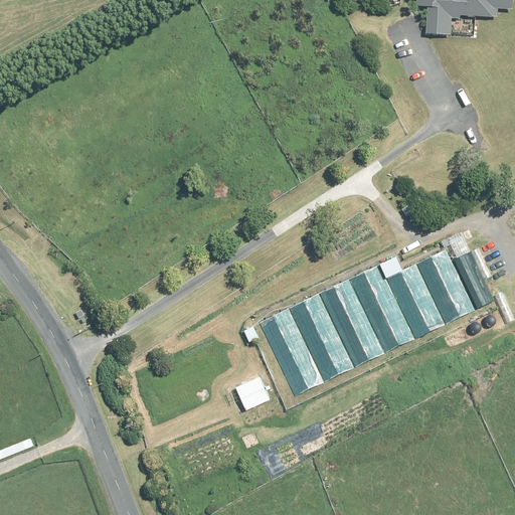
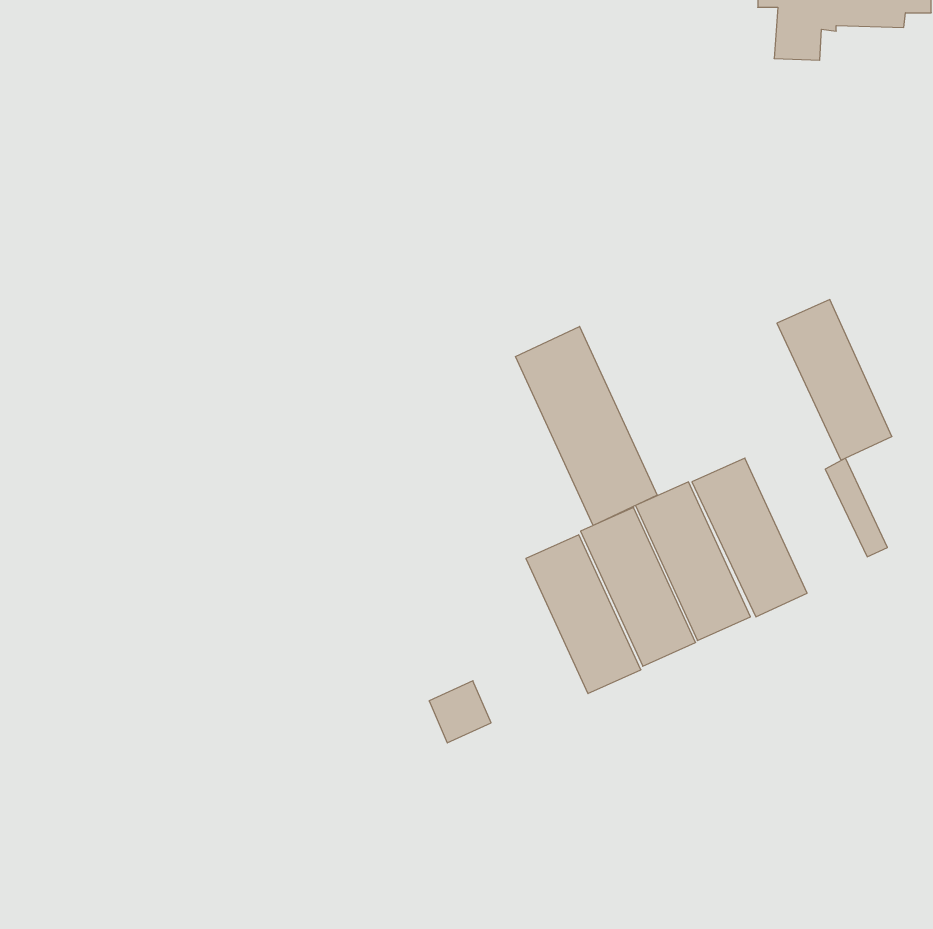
building: none -> [515,326,657,525]
building: [412,238,476,327] -> [777,300,892,460]
building: [261,308,324,395] -> none

